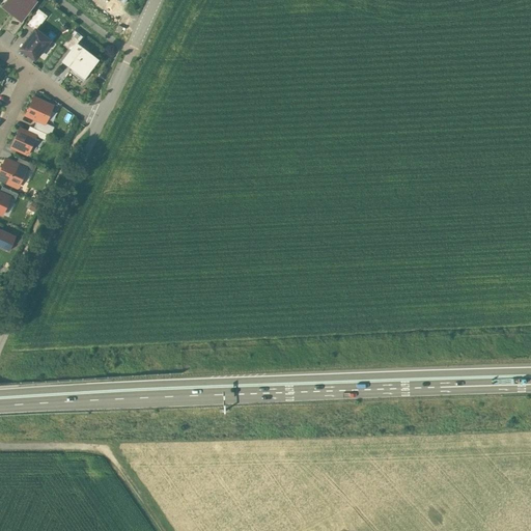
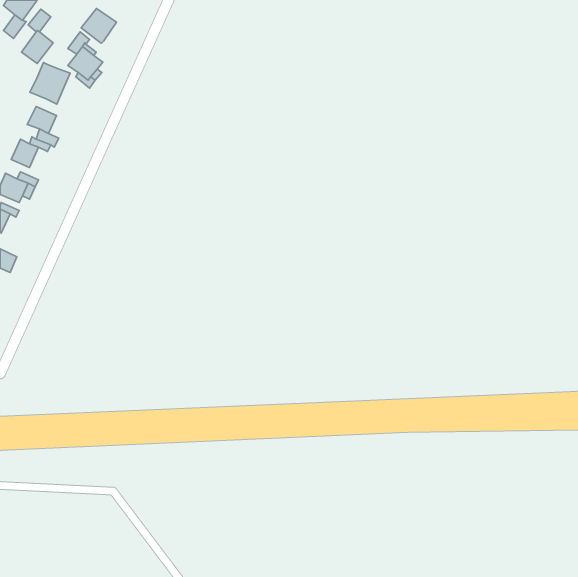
building: none -> [81,8,117,43]
building: none -> [30,63,70,104]

